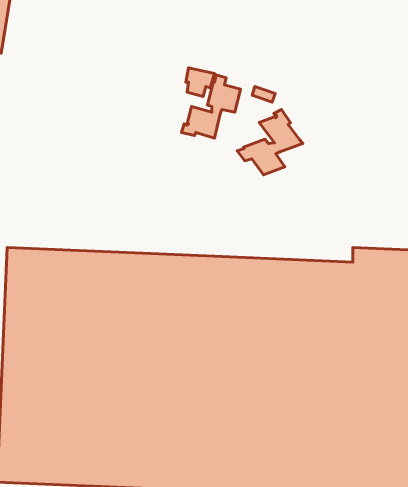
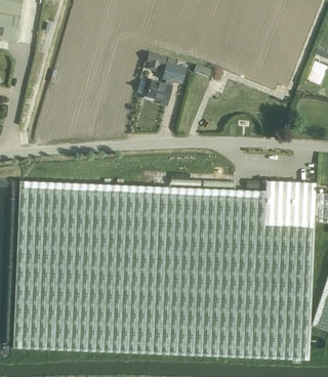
building: [237,110,303,175] -> none

